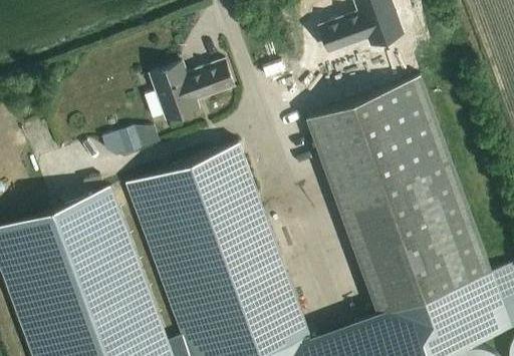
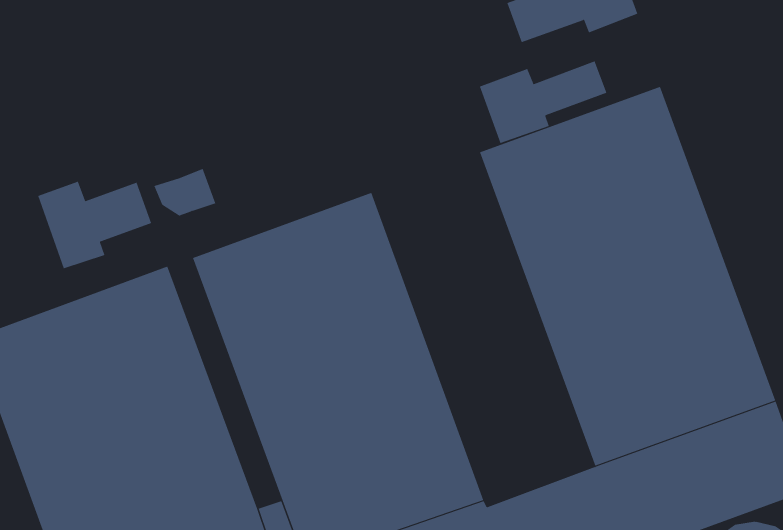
building: none -> [479,61,607,144]
building: [145,62,234,120] -> none
building: none -> [38,181,152,269]

